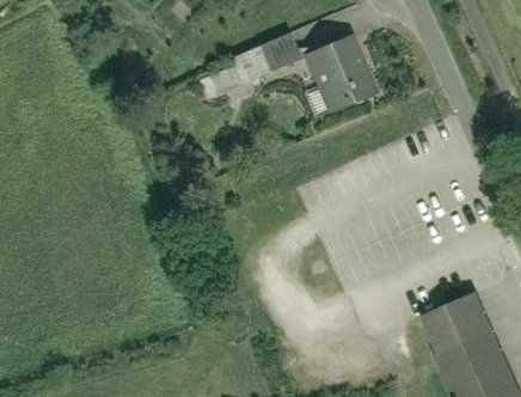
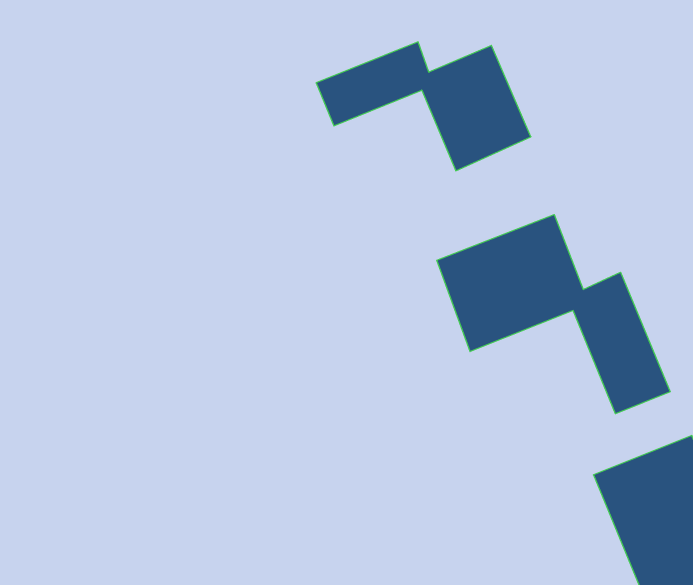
building: none -> [437,215,670,414]

